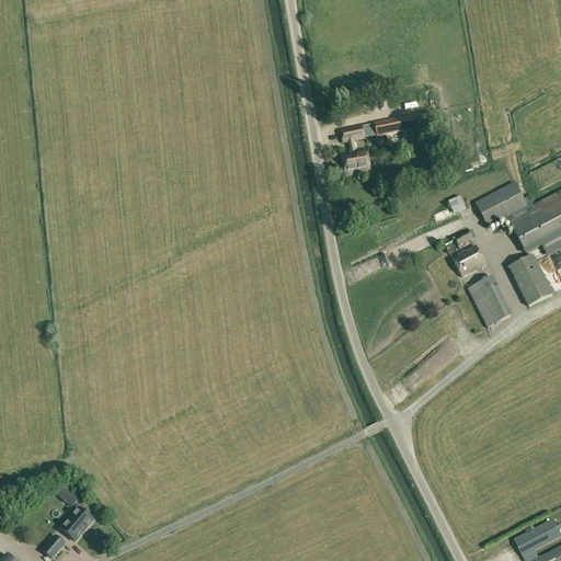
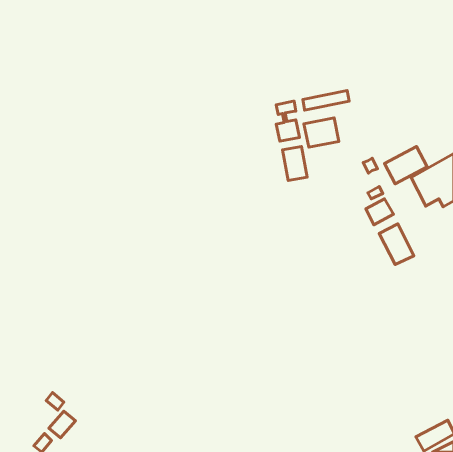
building: none -> [304,118,339,147]
building: none -> [283,146,307,181]
building: [510,254,552,306] -> none

